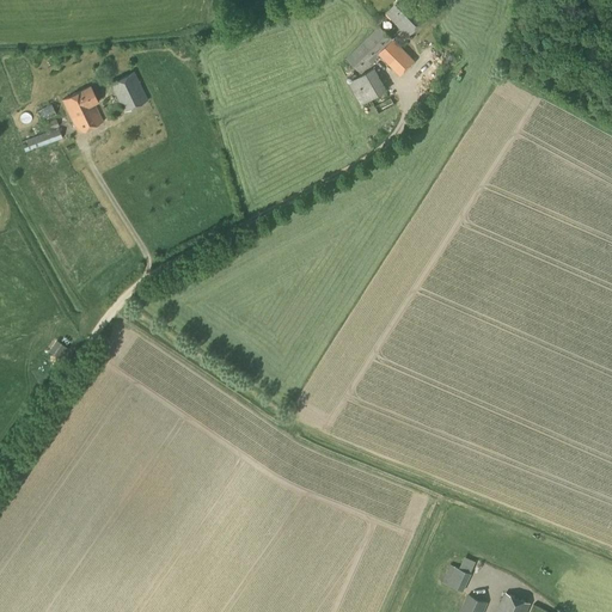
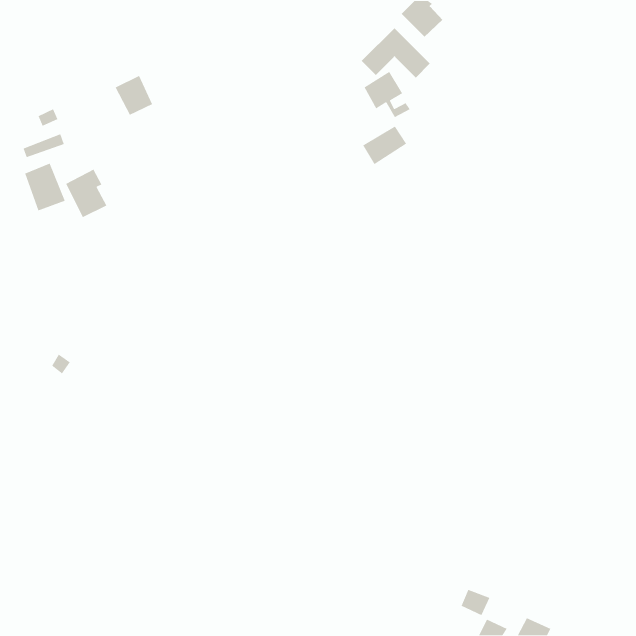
building: [62,86,103,134] -> [65,168,107,218]
building: none -> [362,126,407,165]
building: none -> [24,163,66,211]

